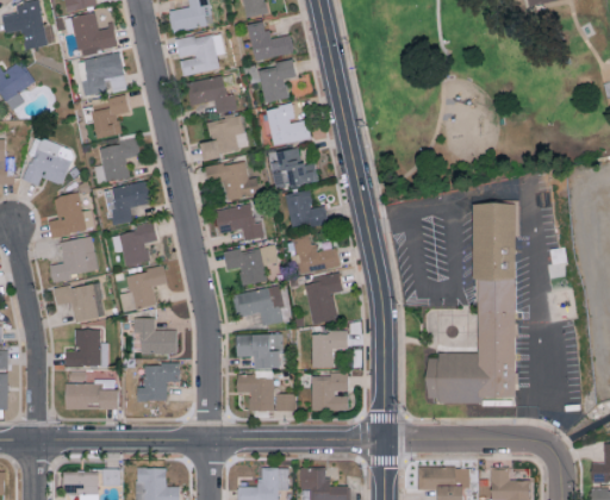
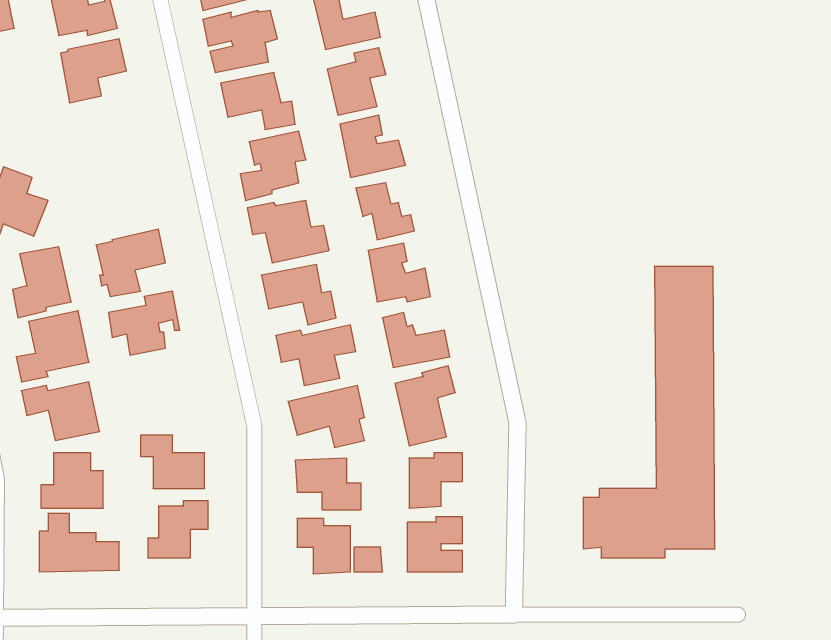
building: [91,95,127,139] -> none
building: [99,137,141,182] -> none
building: [118,265,166,313] -> none

